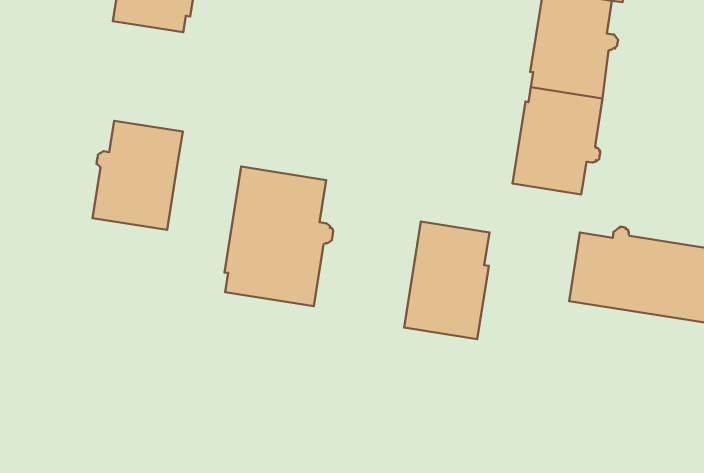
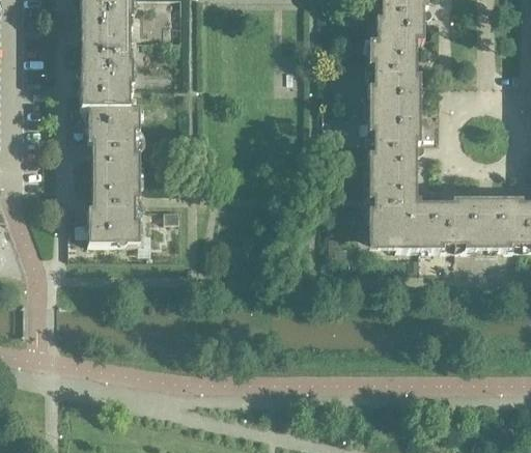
building: none -> [85,105,140,173]
building: [224,167,333,306] -> none
building: [404,222,489,339] -> [369,173,420,247]

